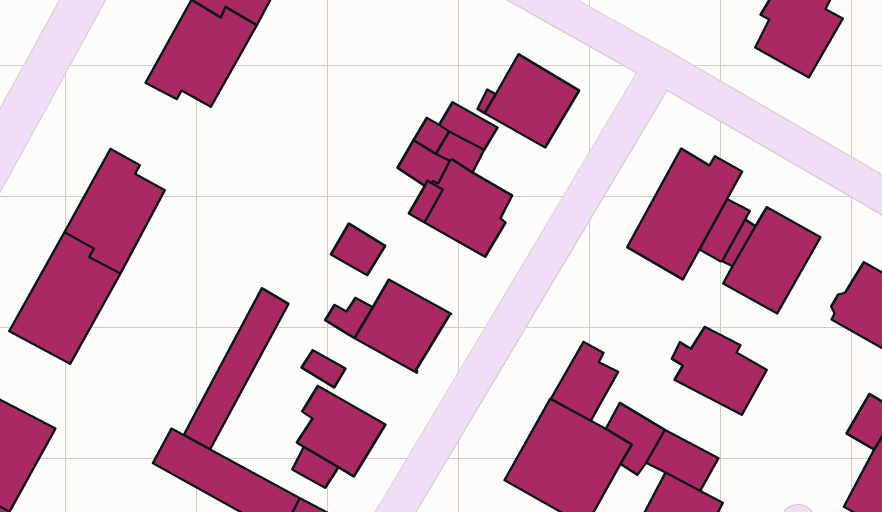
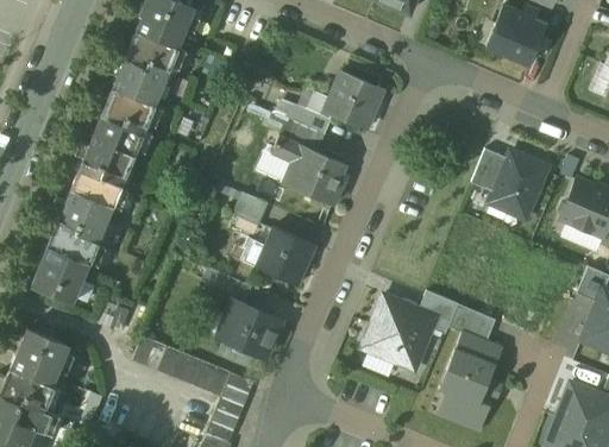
building: none -> [83,117,145,184]
building: [627,149,742,279] -> none
building: [184,288,289,449] -> none
building: [672,327,767,415] -> none
building: [551,342,618,421] -> none

